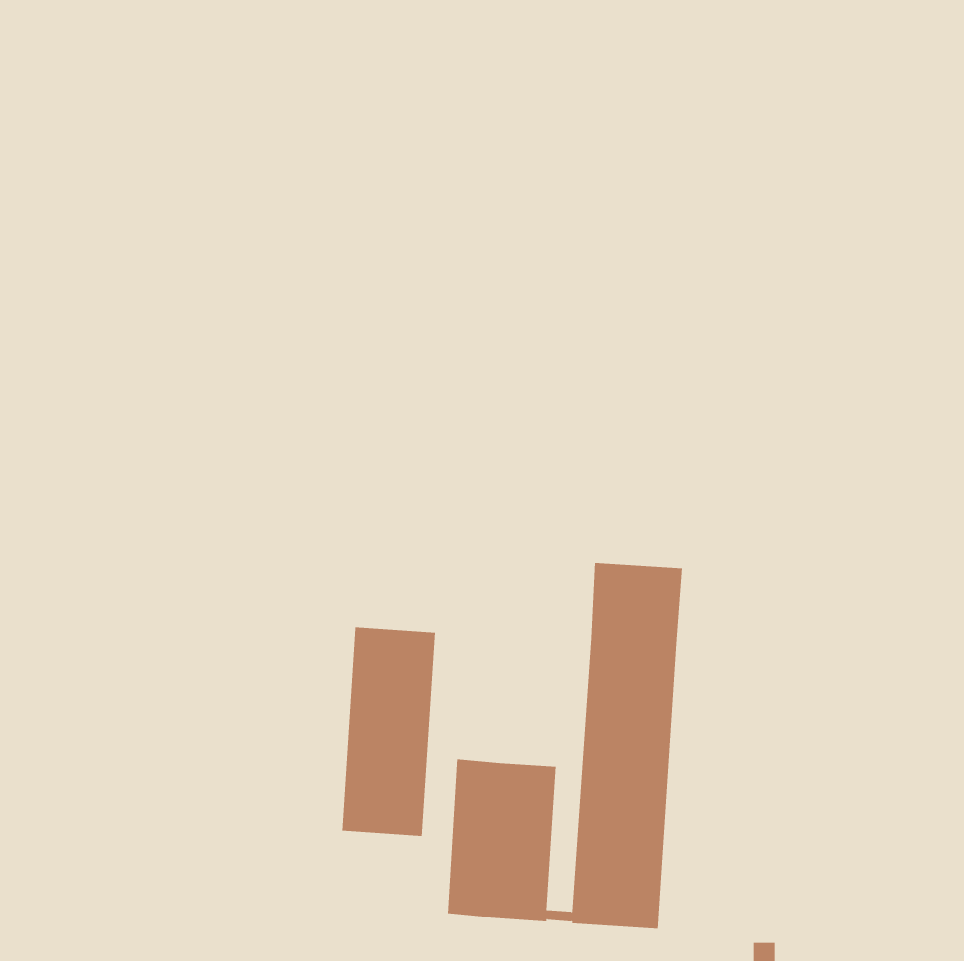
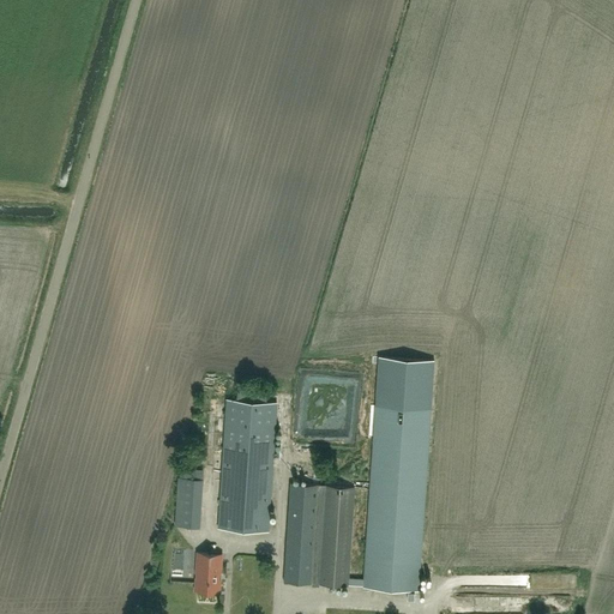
building: none -> [175,480,203,529]
building: none -> [194,555,222,595]

